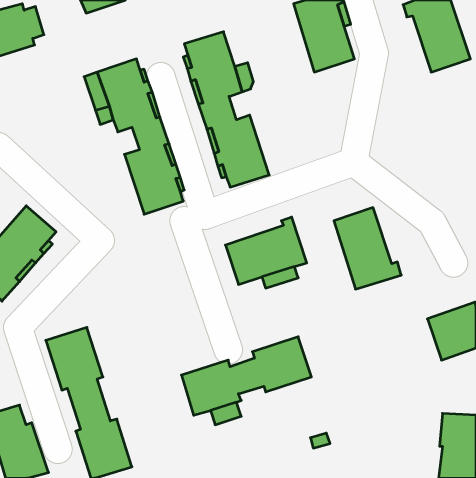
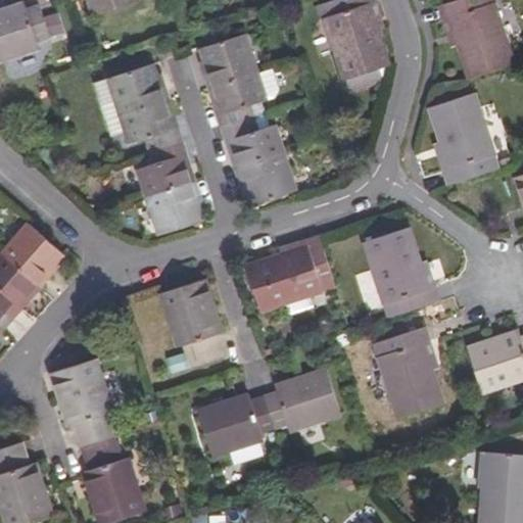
building: none -> [431,93,498,184]
building: none -> [160,278,224,367]
building: none -> [375,327,441,418]

